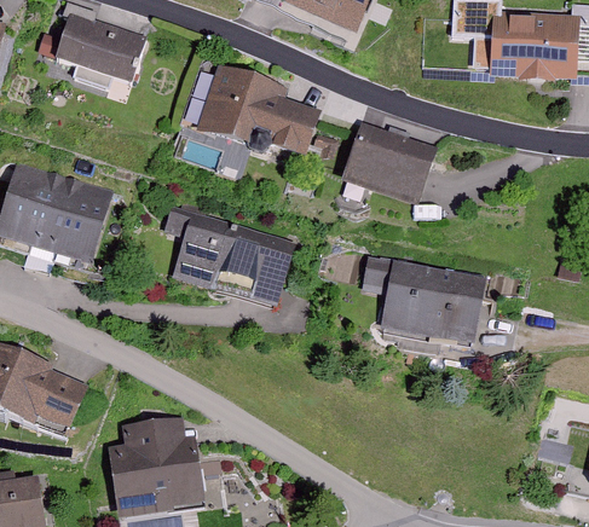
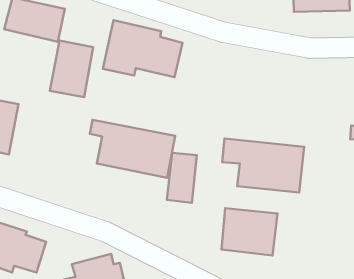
building: [343,123,434,202] -> none
building: [42,174,114,262] -> [50,41,93,97]
building: none -> [167,153,197,203]
building: none -> [221,208,277,255]

